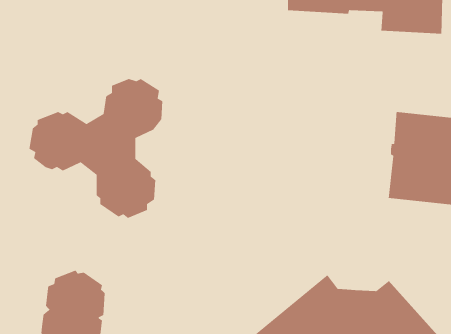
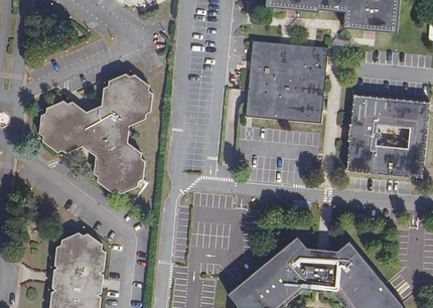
building: none -> [245,41,327,123]

